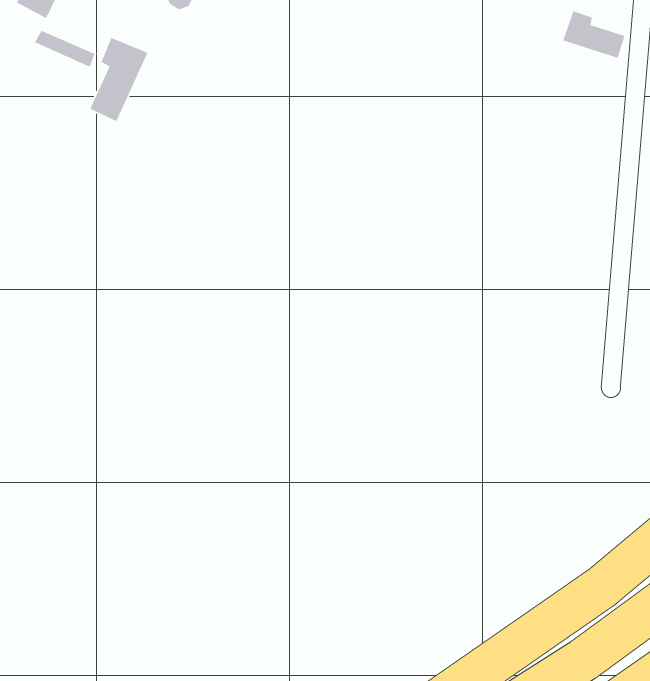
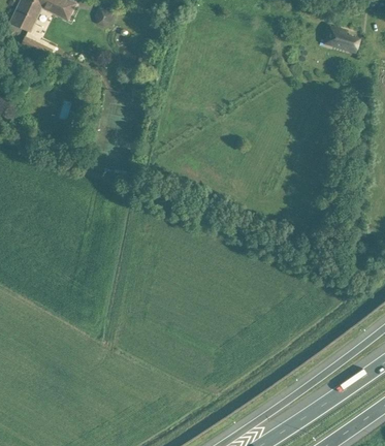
building: [89,37,148,122] -> none

